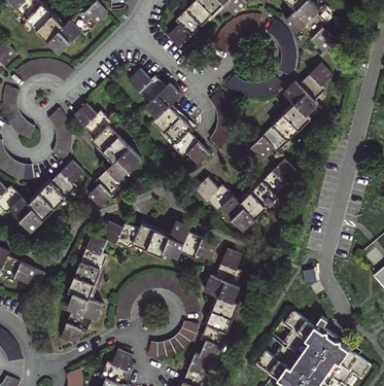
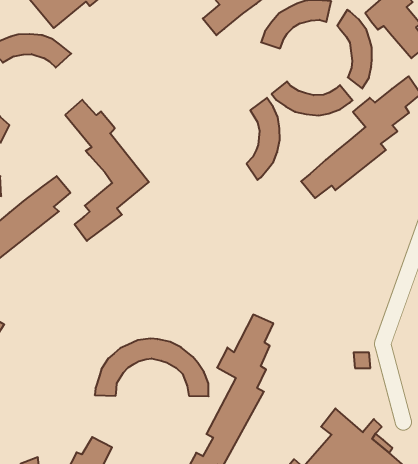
building: [128,69,209,165] -> none
building: [49,106,71,161] -> none
building: [196,159,295,230] -> none
building: [59,220,216,344] -> none
building: [146,322,199,357] -> none

